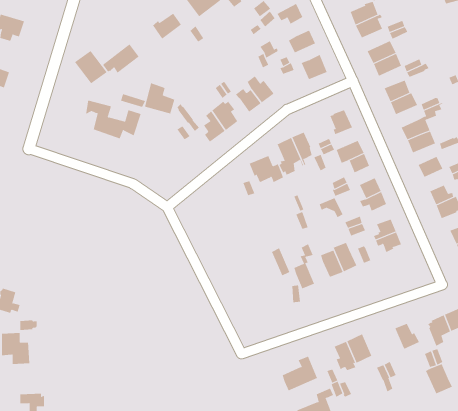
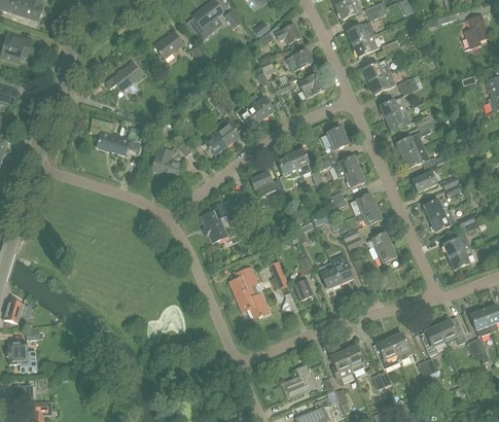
building: [74,50,108,84] -> none
building: [144,82,175,114] -> [151,146,181,177]
building: none -> [201,203,227,242]
building: none -> [229,267,269,317]
building: [425,363,453,394] -> [372,338,399,367]

